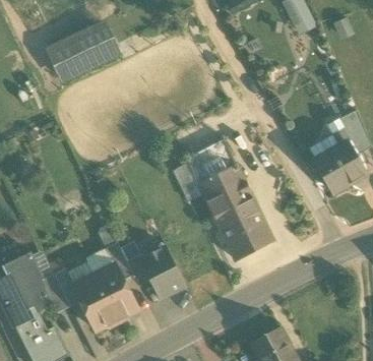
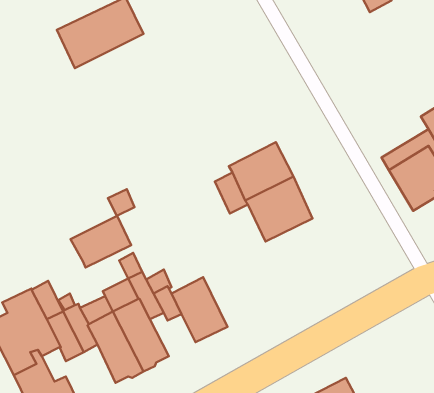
building: none -> [71,216,131,268]
building: [215,200,273,260] -> none

